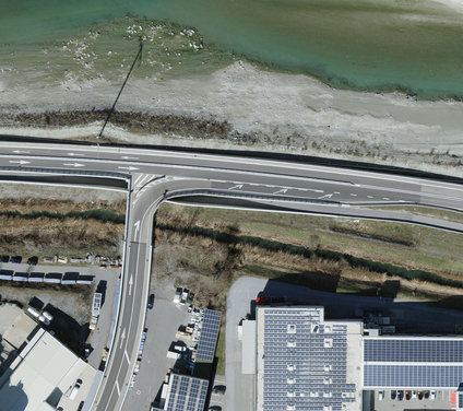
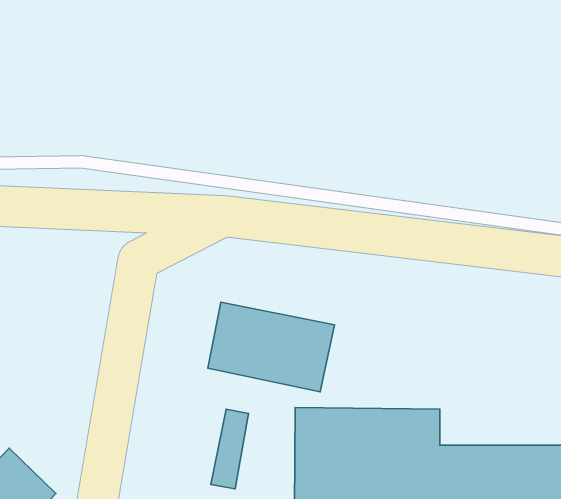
building: none -> [208,302,334,392]

